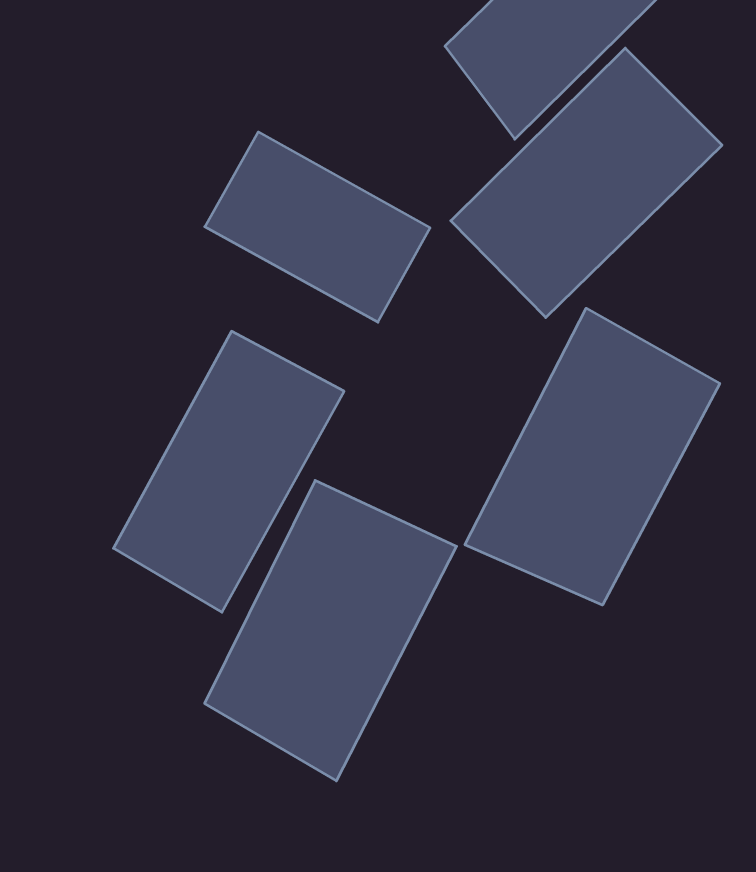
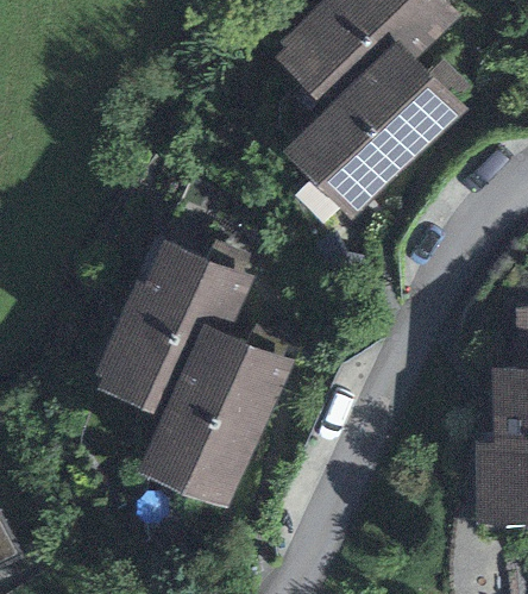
building: [205,132,430,322] -> none
building: [465,308,720,605] -> none

